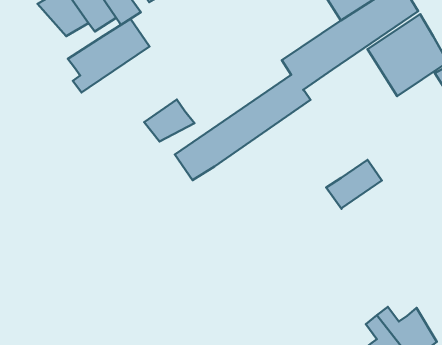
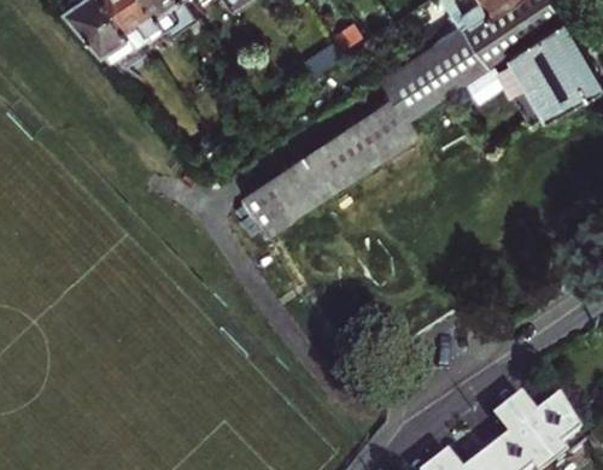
building: [68,19,150,93] -> none
building: [144,99,194,141] -> none
building: [326,160,382,209] -> none

